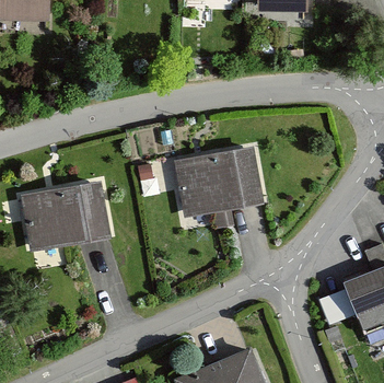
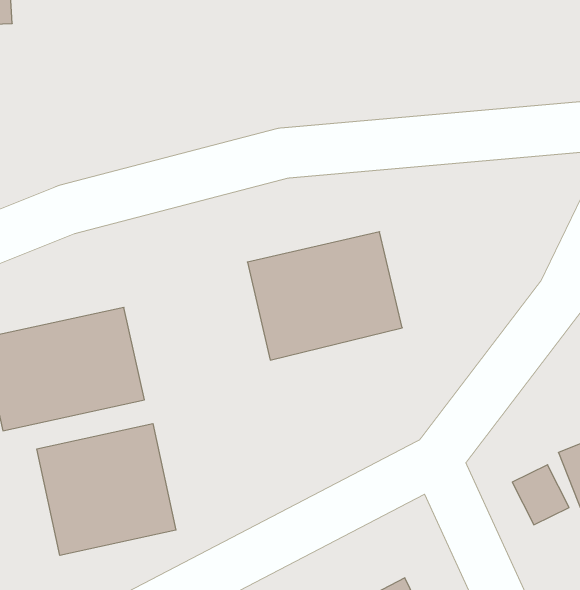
building: none -> [37,424,176,555]

